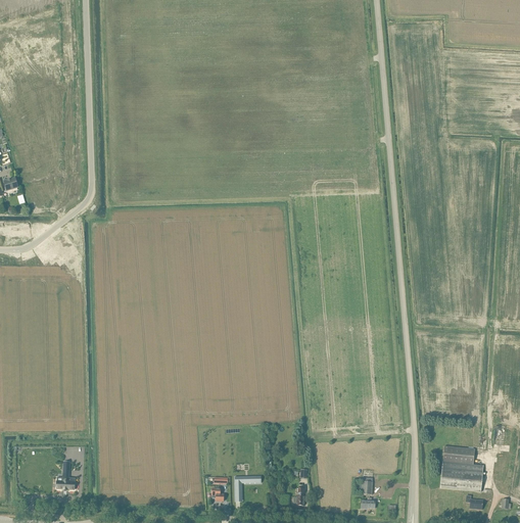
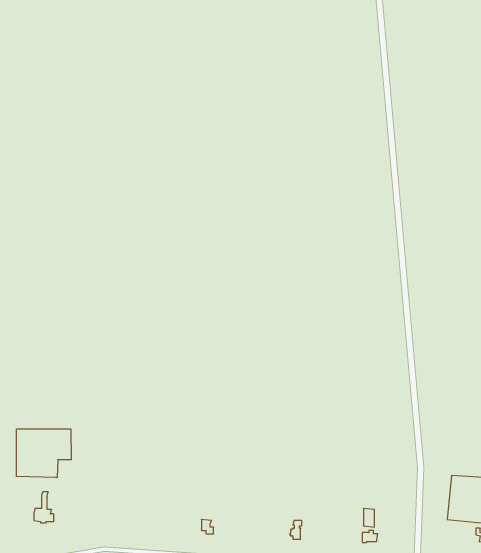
building: none -> [17,429,71,478]

